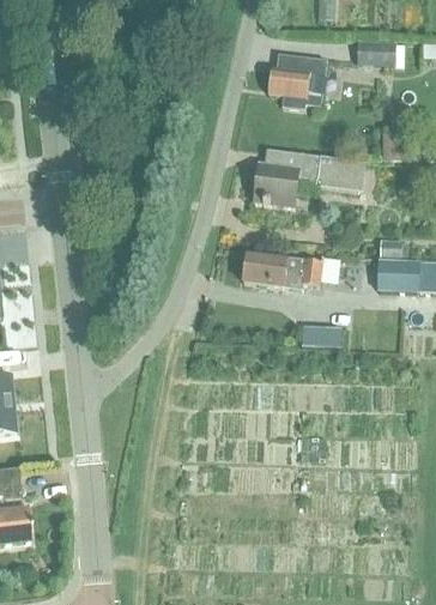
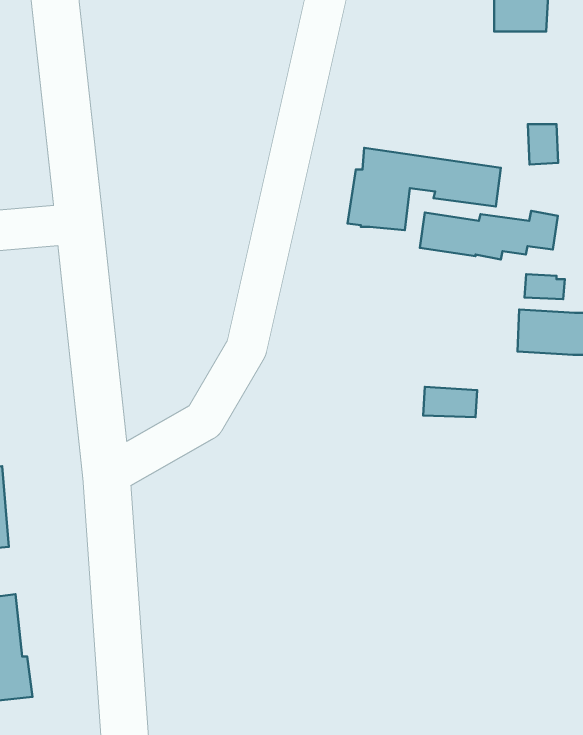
building: [267,55,328,109] -> none
building: [243,254,341,289] -> [420,211,558,260]

